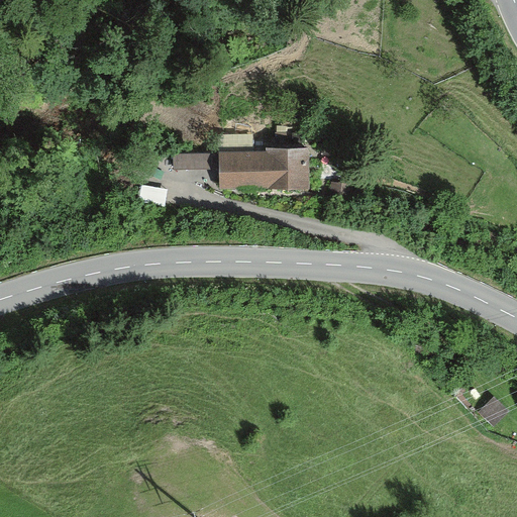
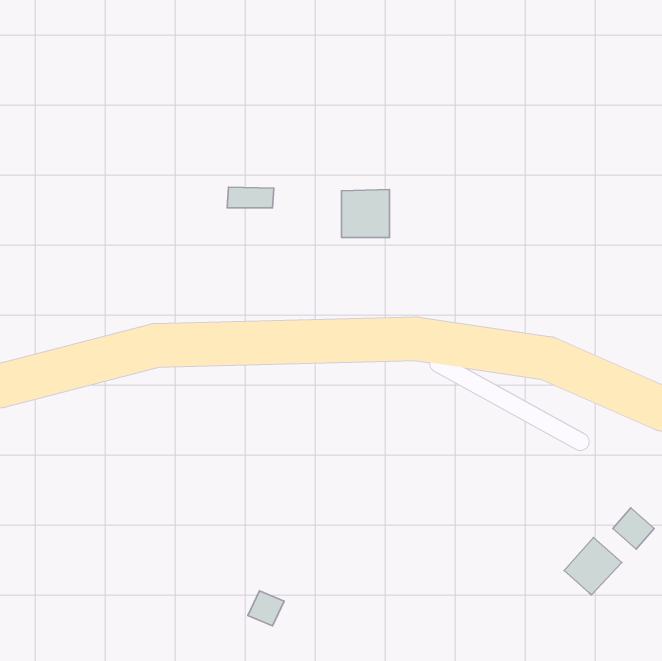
building: [219,153,267,187] -> none
building: none -> [564,537,622,595]

